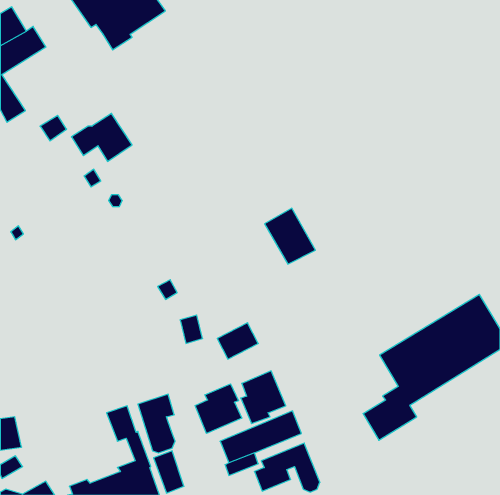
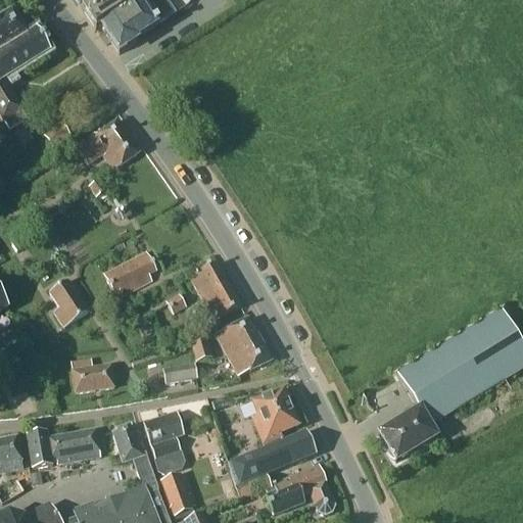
building: [265,208,315,264] -> [188,259,241,318]
building: none -> [103,249,155,293]
building: none -> [50,279,87,325]
building: none -> [216,316,258,353]
building: none -> [72,358,111,389]
building: none -> [161,363,196,385]
building: [195,384,242,433] -> none
building: none -> [26,427,100,466]

